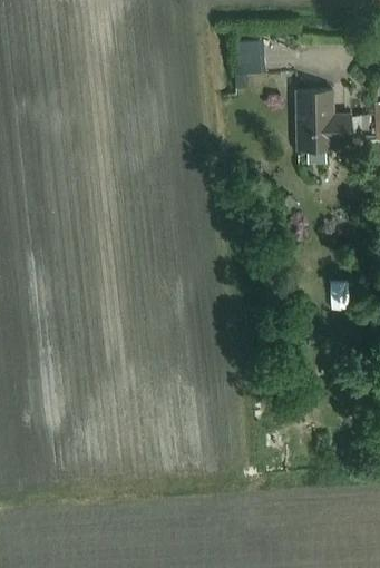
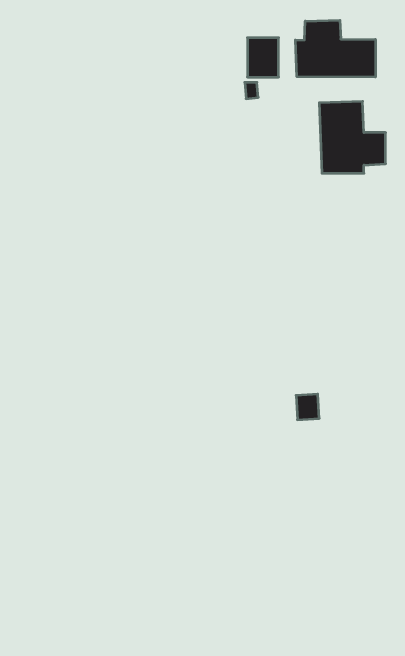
building: none -> [295,20,375,77]

